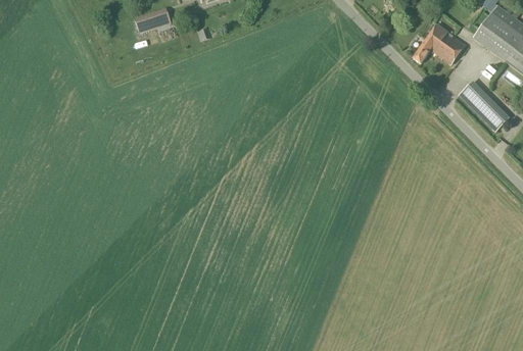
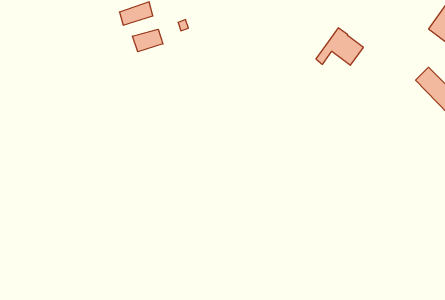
building: [413,23,465,64] -> [316,28,363,65]
building: none -> [132,29,163,52]

